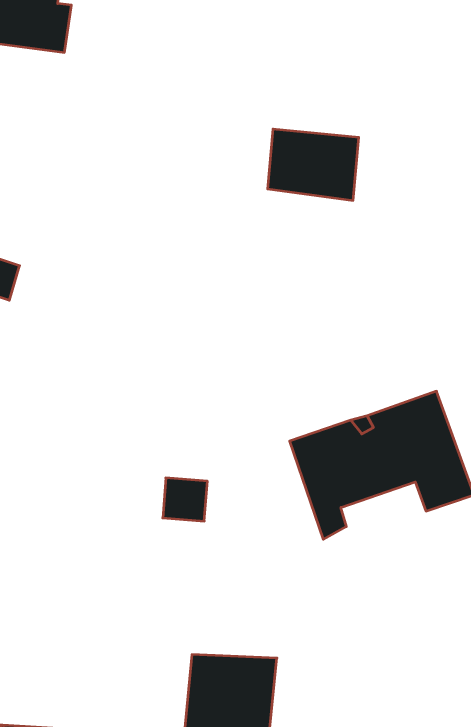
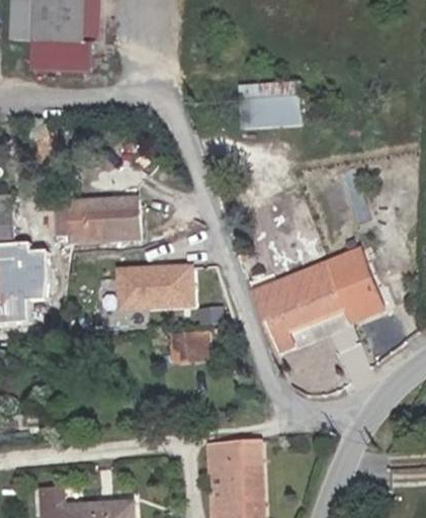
building: none -> [79,195,137,239]
building: none -> [116,257,194,303]

